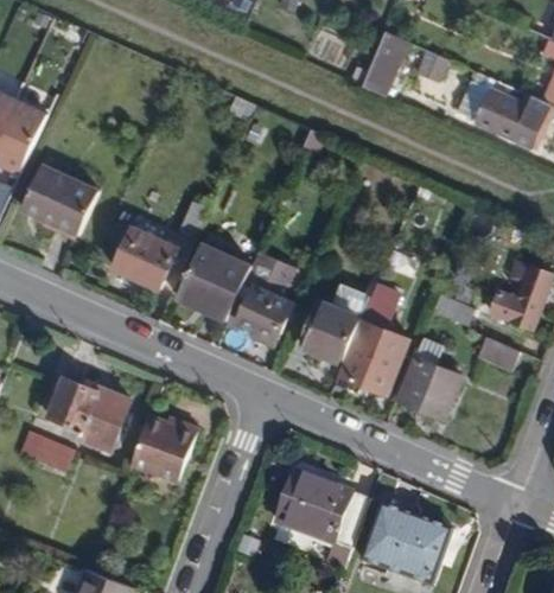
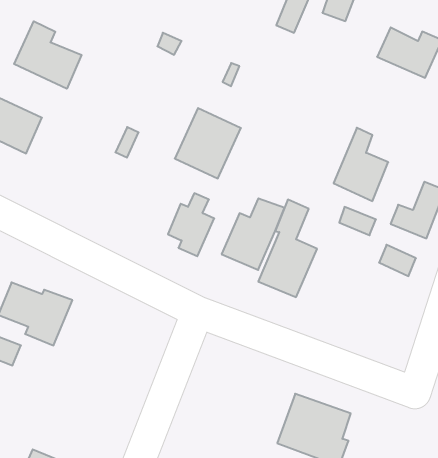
building: none -> [14,21,82,89]
building: [109,225,176,289] -> none
building: [176,242,250,321] -> [175,108,241,178]
building: [399,337,460,420] -> [334,128,388,201]
building: [132,413,203,482] -> none
building: [275,471,370,567] -> none

